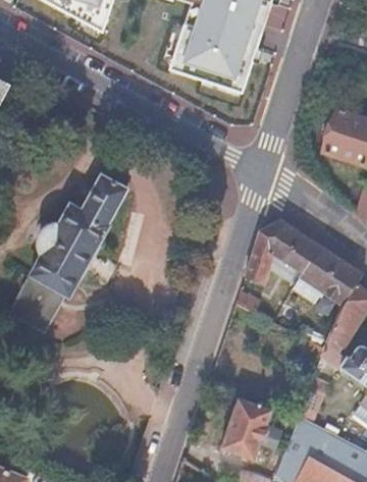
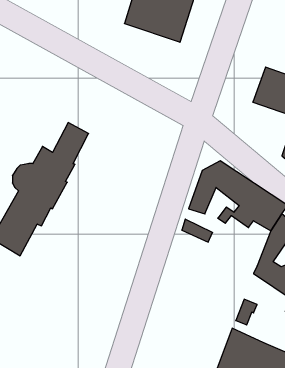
building: [218,400,271,463] -> none

